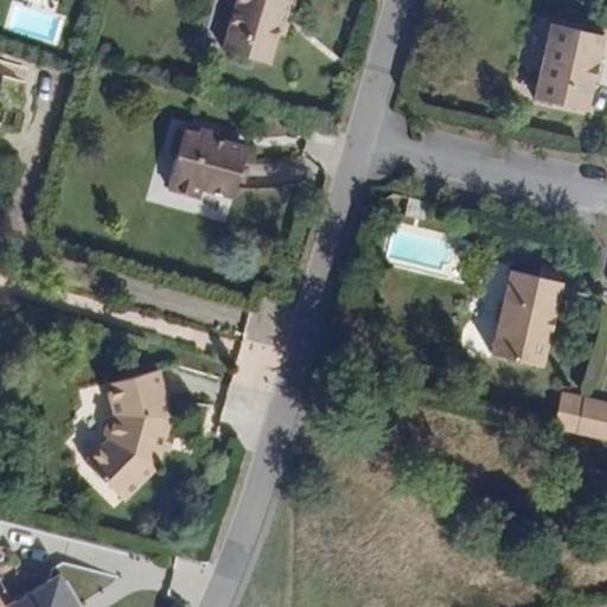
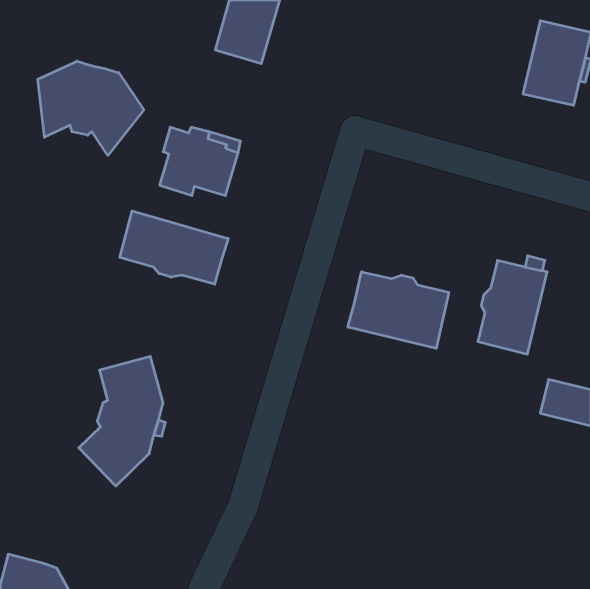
building: none -> [38,61,144,155]
building: none -> [120,211,228,284]
building: none -> [348,272,449,348]

